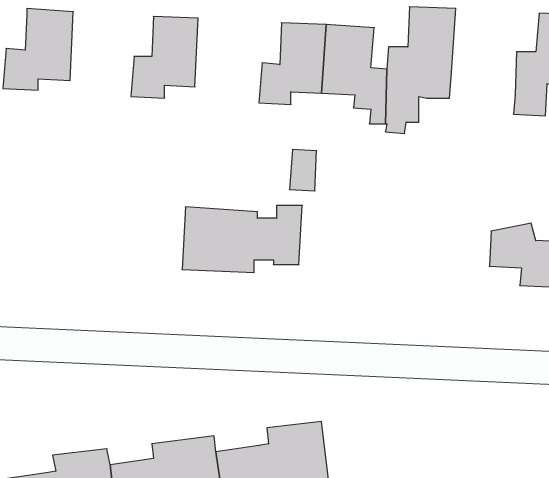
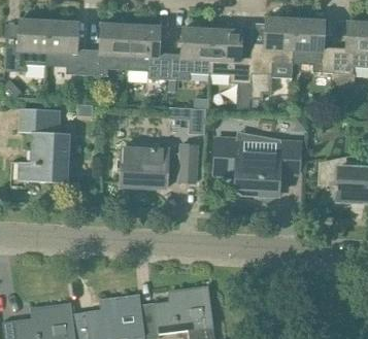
building: none -> [293,19,335,74]
building: none -> [47,21,89,75]
building: none -> [128,25,171,79]
building: none -> [19,108,68,182]
building: none -> [213,138,301,196]

